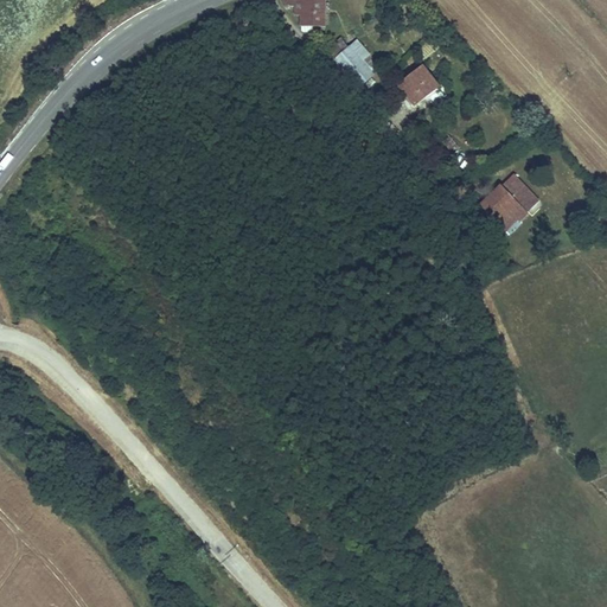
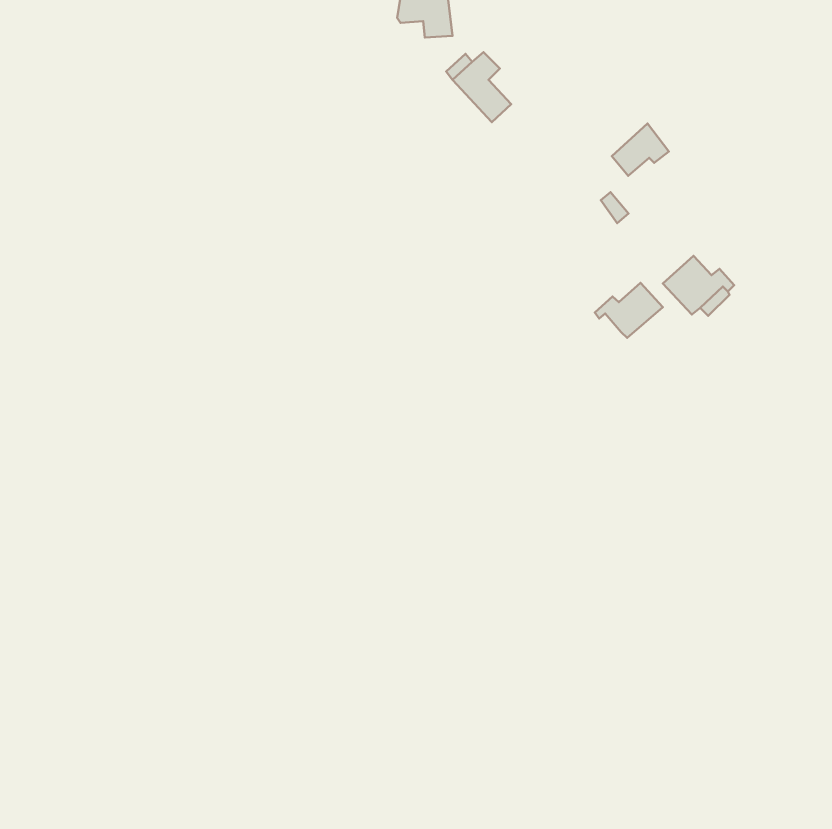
building: [398,59,440,97] -> [612,124,669,176]
building: none -> [595,283,663,338]

